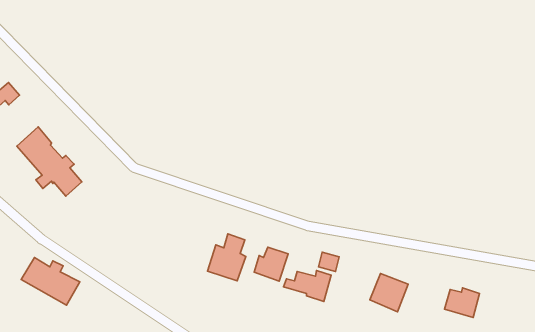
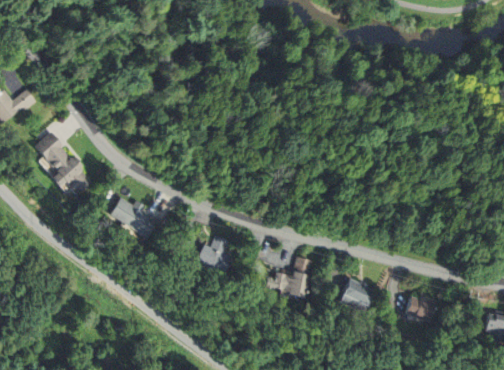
building: [254,247,288,281] -> none
building: [21,257,80,305] -> [106,196,158,240]

